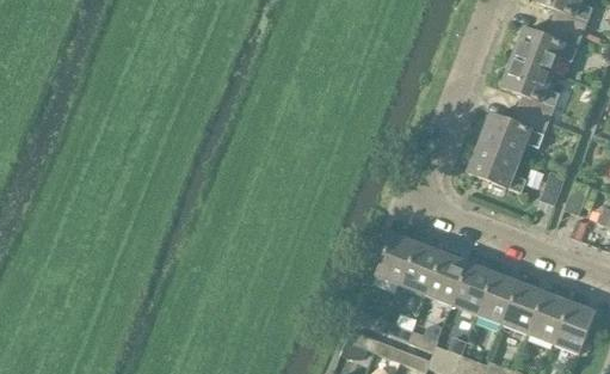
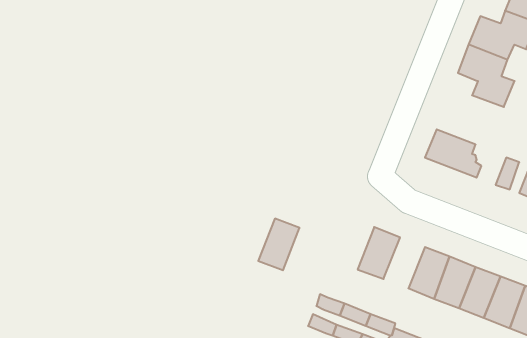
building: [479,108,547,158] -> none
building: [374,232,415,284] -> [258,219,300,270]
building: [425,252,467,304] -> none

